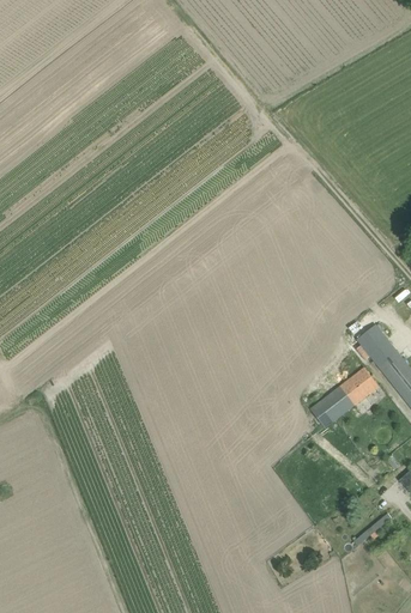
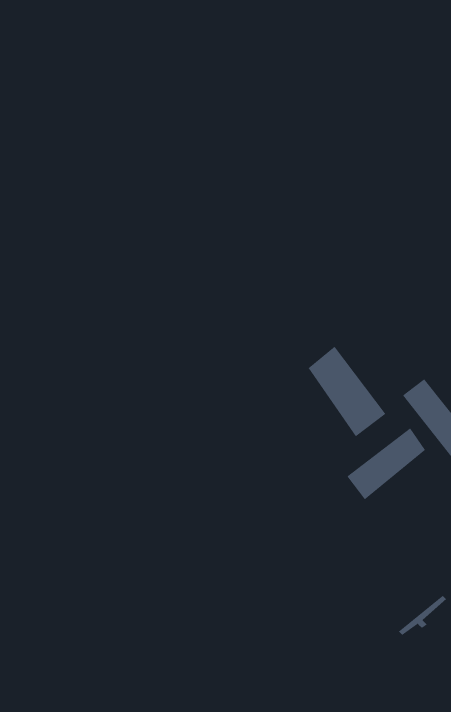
building: none -> [308,346,386,437]

